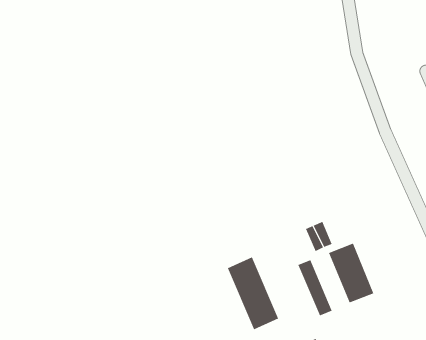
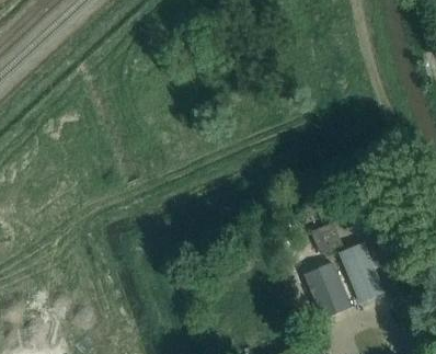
building: [227,257,279,330] -> none

